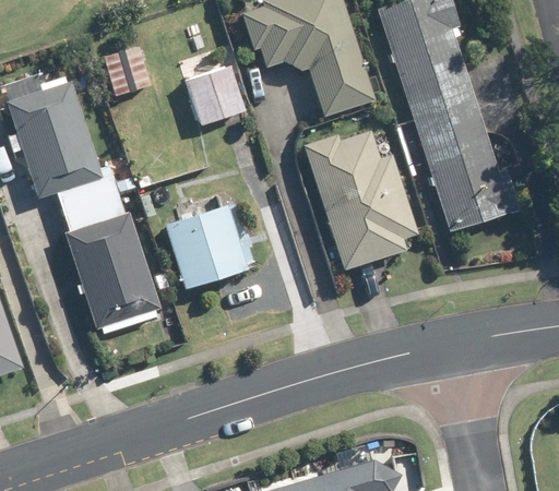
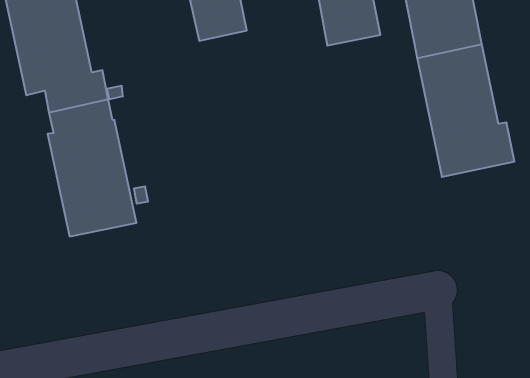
building: [305,132,418,268] -> none
building: [165,207,245,287] -> none

